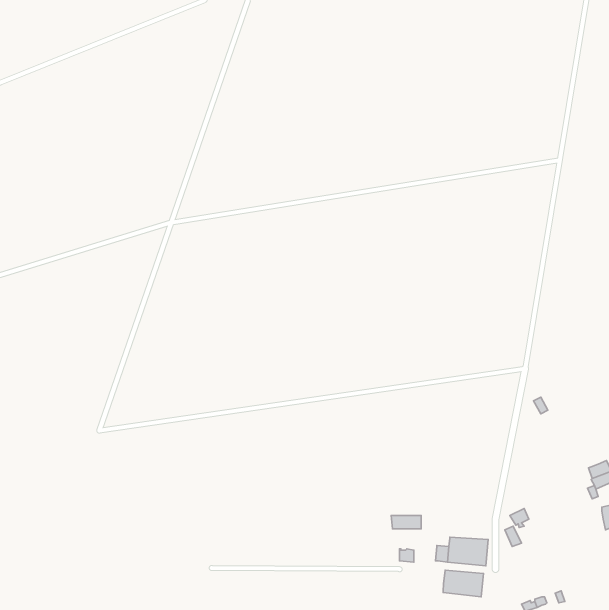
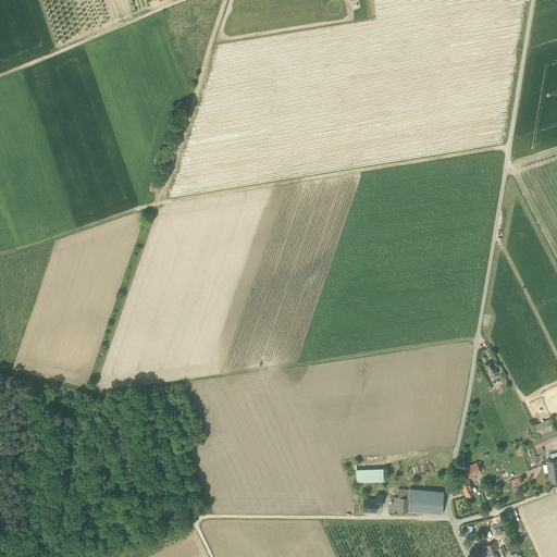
building: [443,570,483,597] -> none

